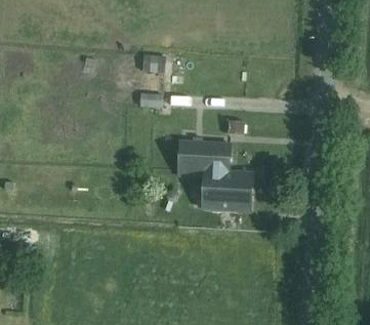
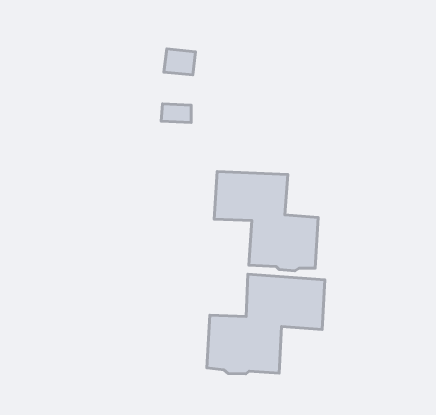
building: none -> [207,274,325,374]

